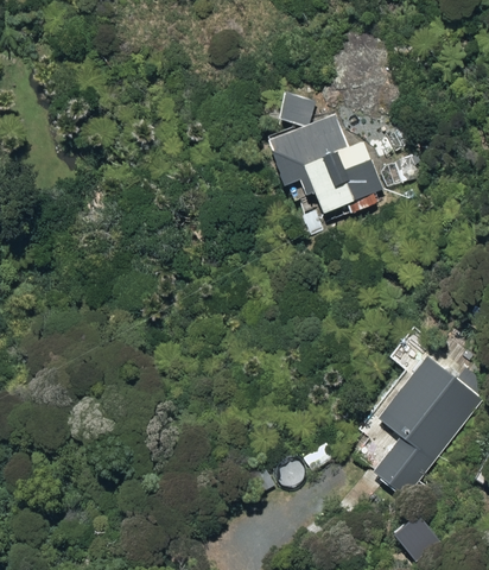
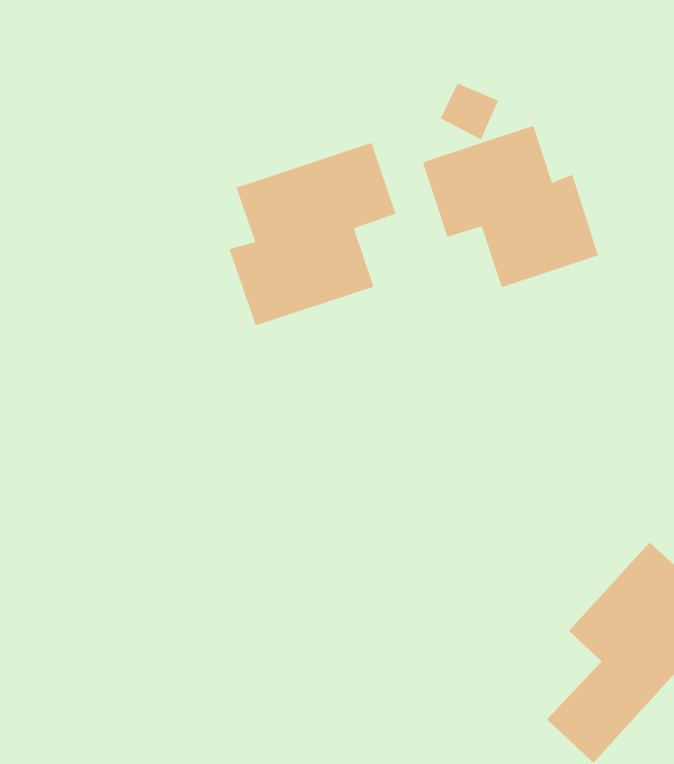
building: none -> [229,142,396,326]

